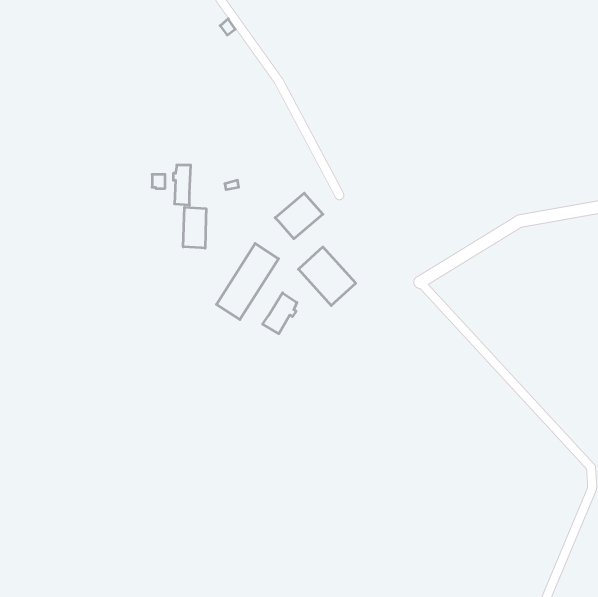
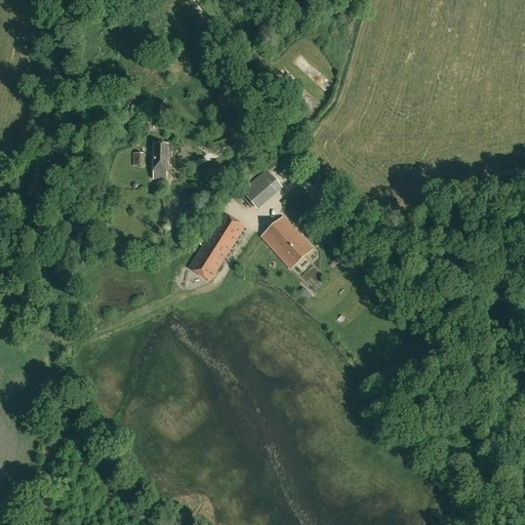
building: [183,207,206,248] -> none
building: [263,293,297,334] -> none

